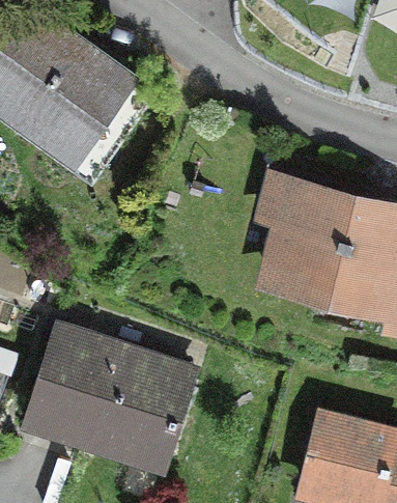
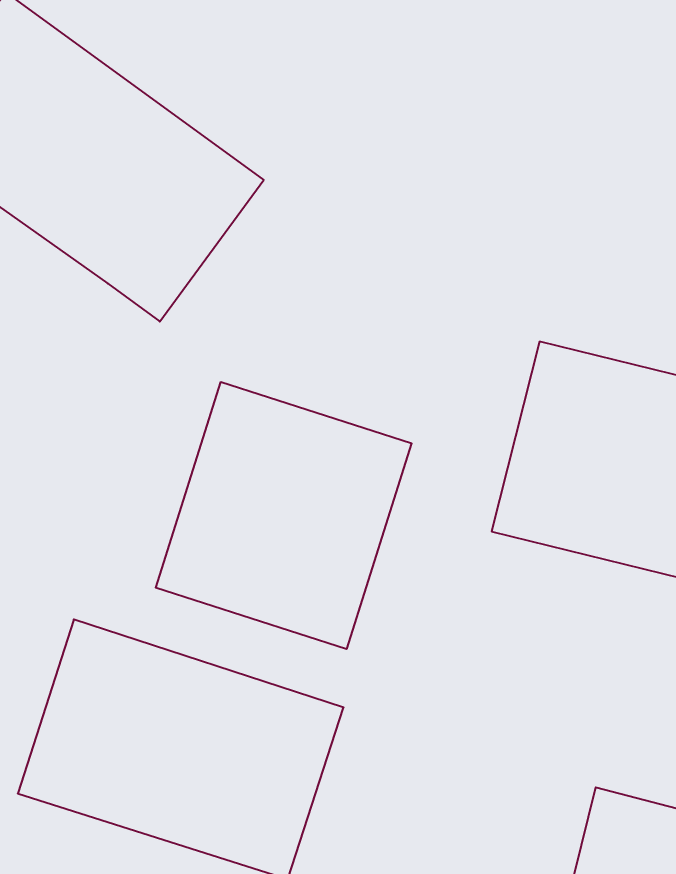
building: none -> [156,382,412,649]

